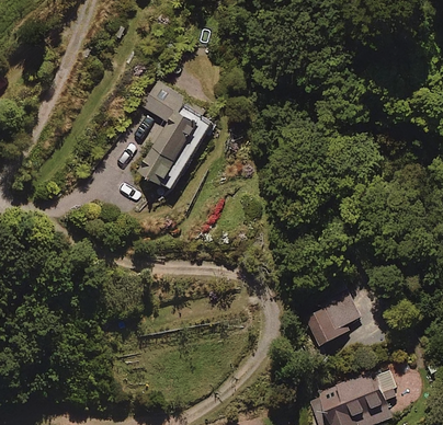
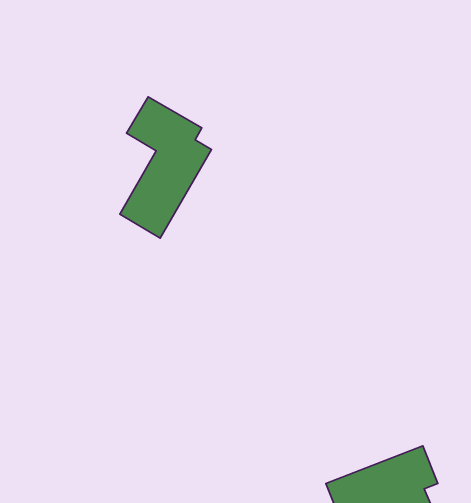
building: [305,284,359,344] -> none

